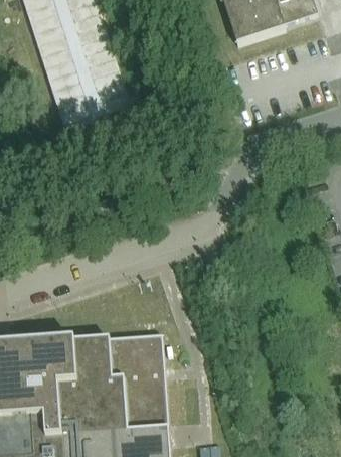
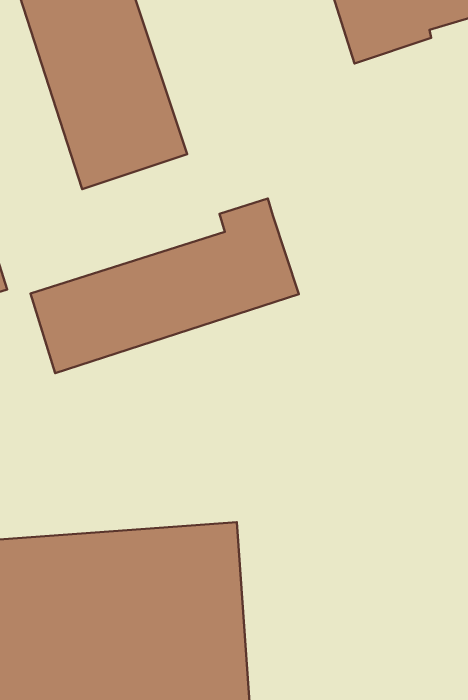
building: none -> [30,198,299,373]

